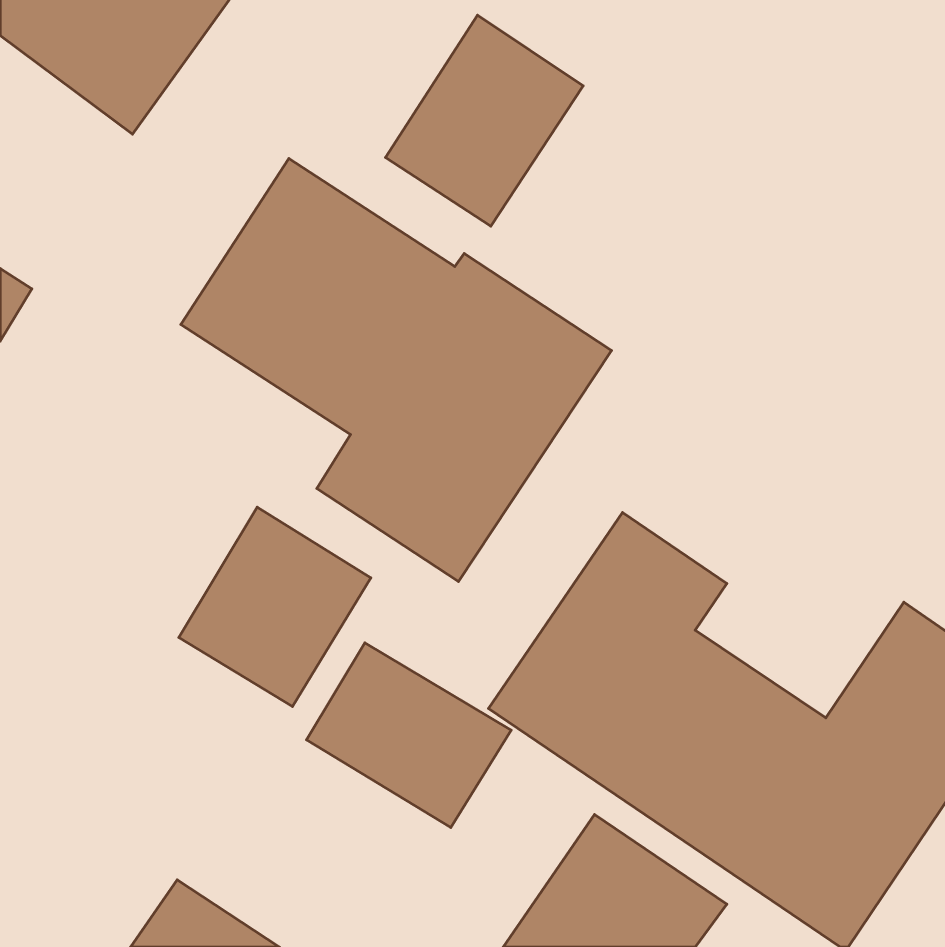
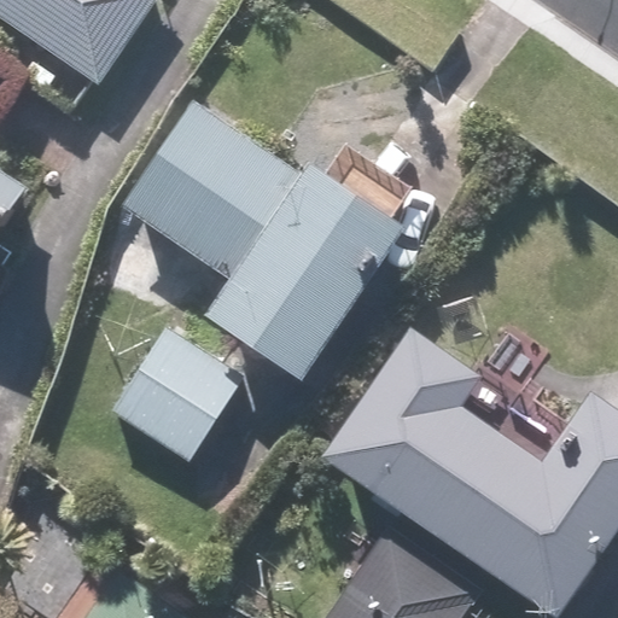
building: [386,15,583,226] -> none
building: [307,643,511,828] -> none

